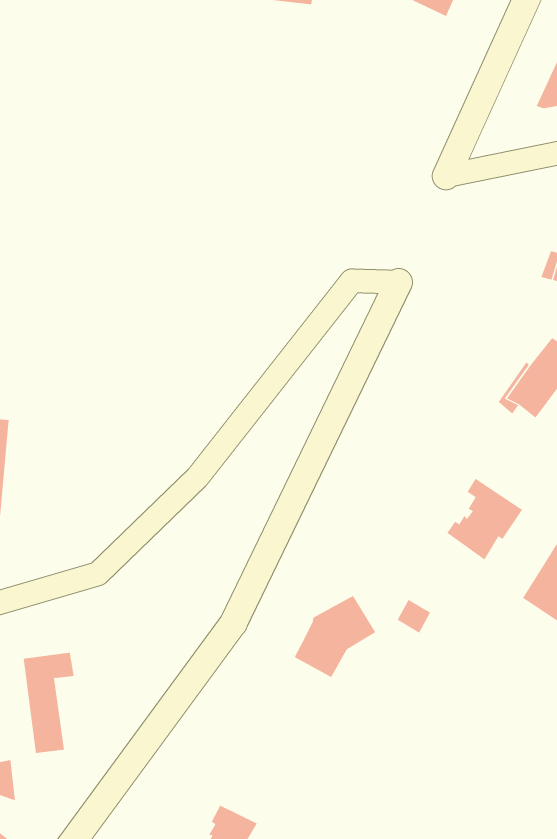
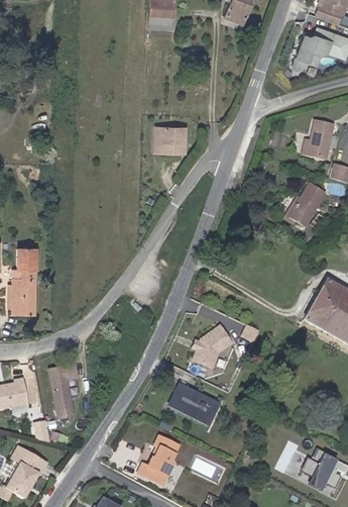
building: none -> [161,125,186,150]
building: [447,478,523,560] -> none
building: none -> [164,384,219,428]

